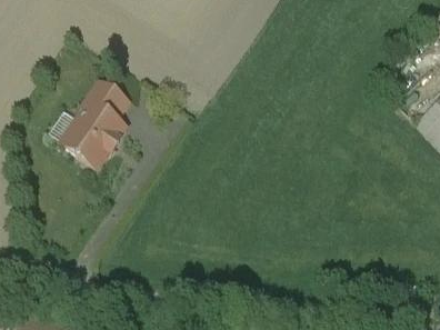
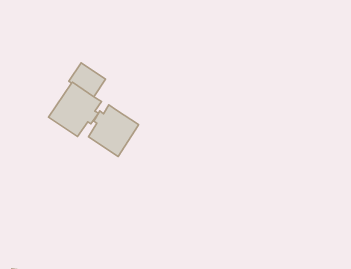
building: none -> [89,105,138,157]

